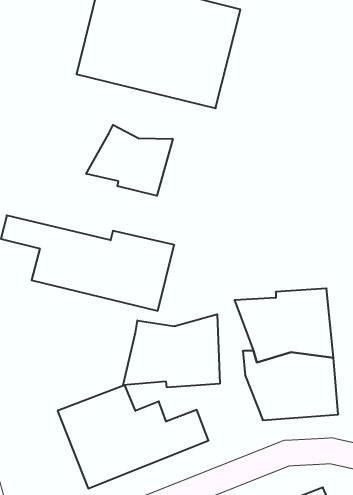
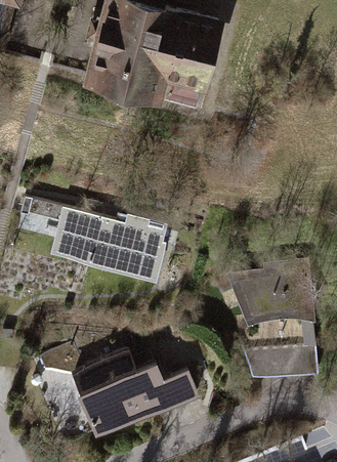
building: [86,125,173,196] -> none
building: [123,314,220,387] -> none

